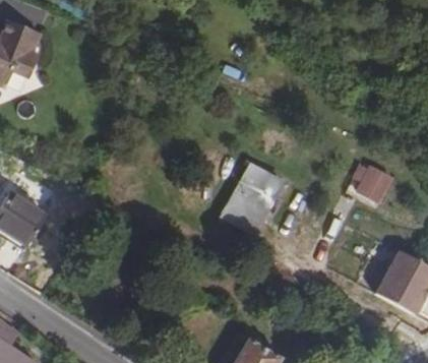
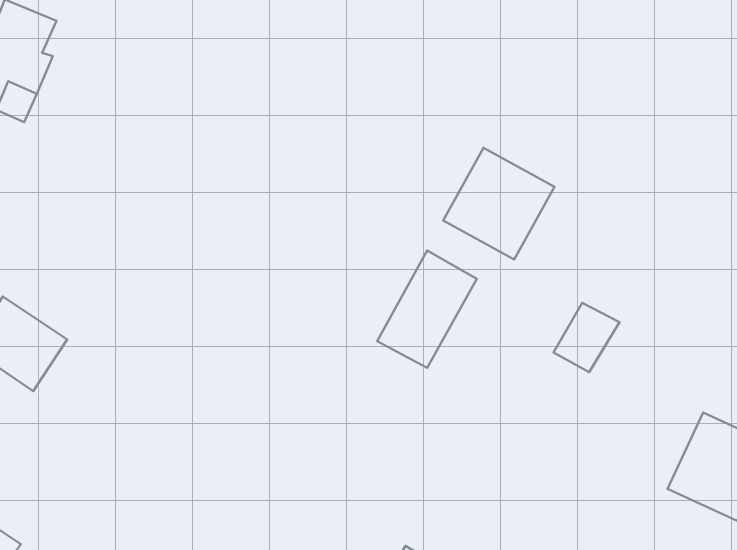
building: none -> [443,148,555,260]
building: [355,165,392,204] -> [553,303,619,372]

